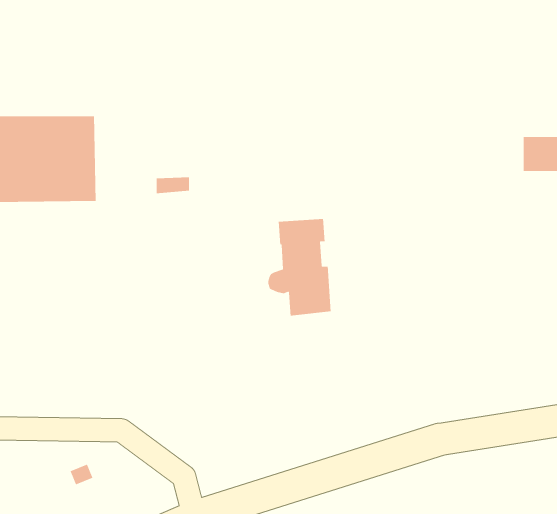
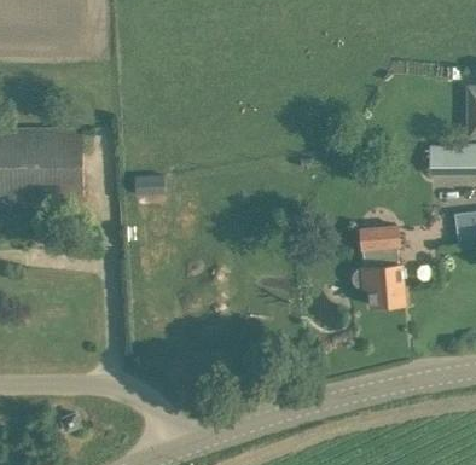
building: [267,218,331,316] -> [350,225,402,304]

